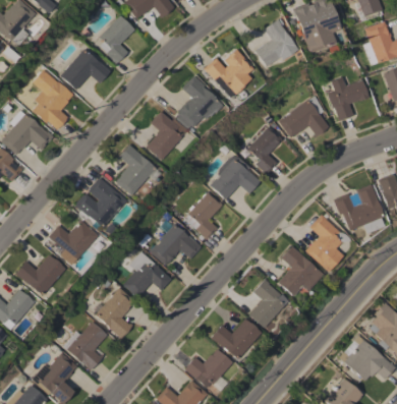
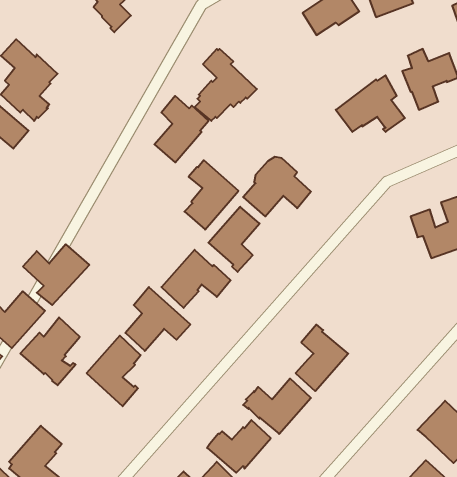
building: [61,49,111,90] -> none
building: [204,54,250,95] -> none
building: [249,126,282,174] -> none
building: [115,145,155,195] -> [184,160,238,230]
building: [75,177,126,228] -> none
building: [305,215,349,272] -> none
building: [278,246,323,296] -> none
building: [64,321,108,370] -> [20,317,80,385]

